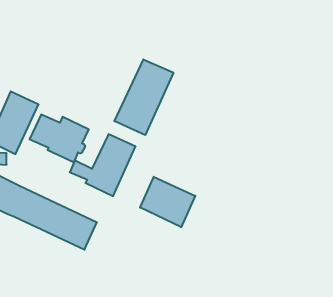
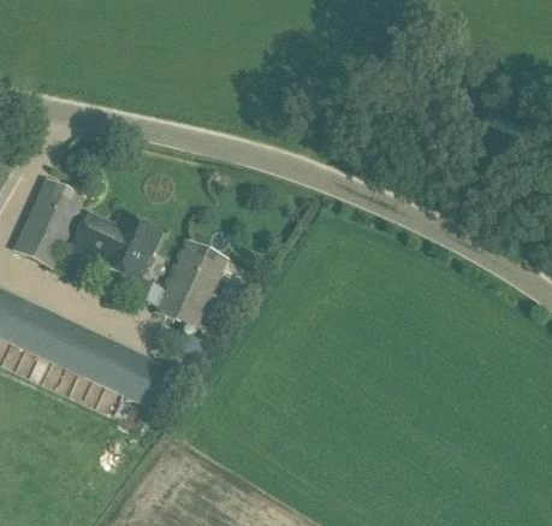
building: [114,59,173,135] -> none
building: [140,177,195,227] -> none

